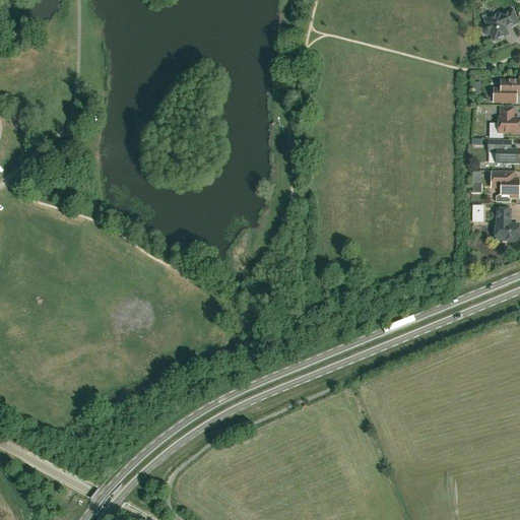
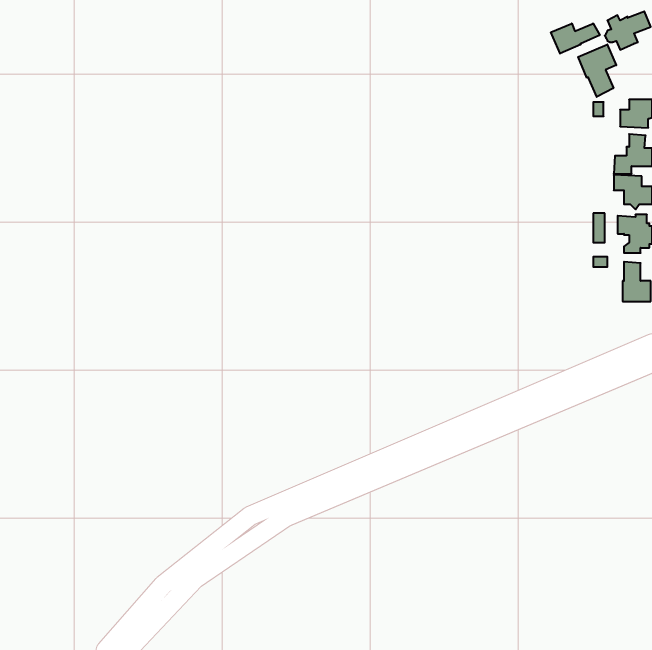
building: none -> [551,23,600,54]
building: none -> [578,44,616,97]

